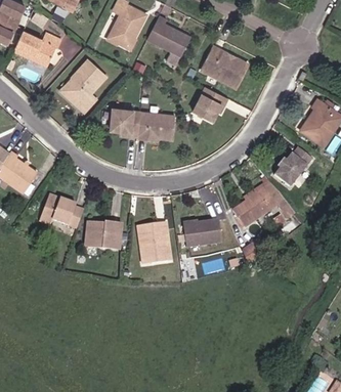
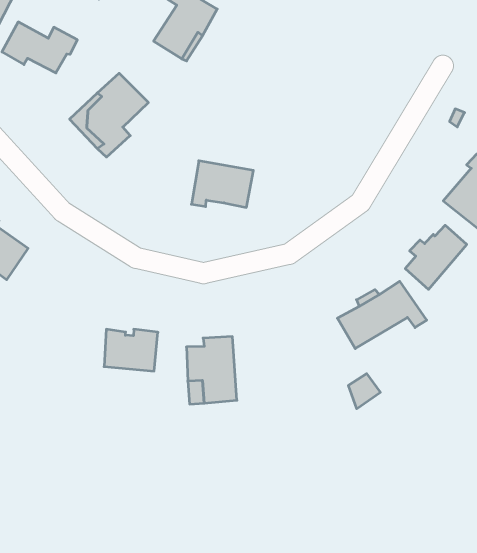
building: [146,18,190,60] -> none
building: [201,49,247,91] -> none
building: [196,88,229,122] -> none
building: [111,110,142,140] -> none
building: [40,193,85,227] -> none
building: [190,217,224,244] -> none

